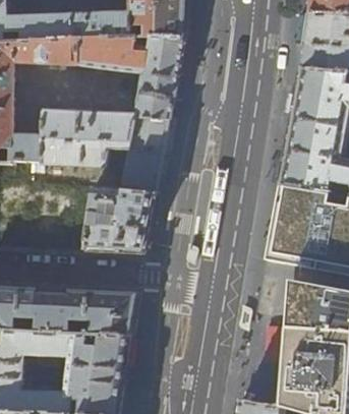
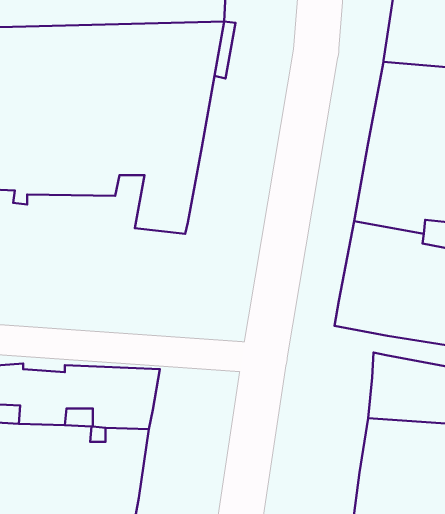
building: [85,185,156,251] -> none

